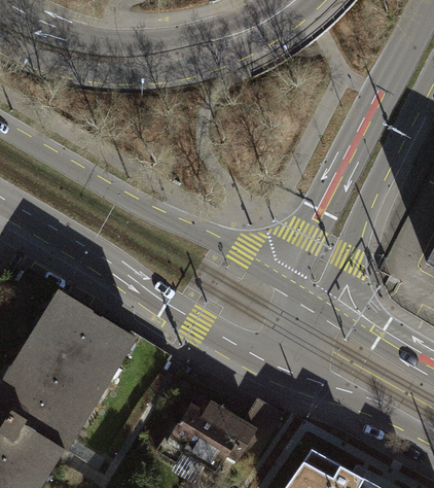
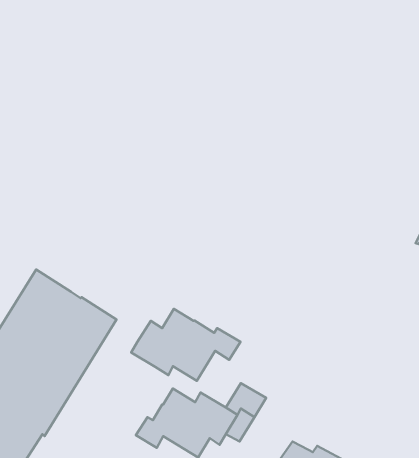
building: none -> [131,309,240,381]

